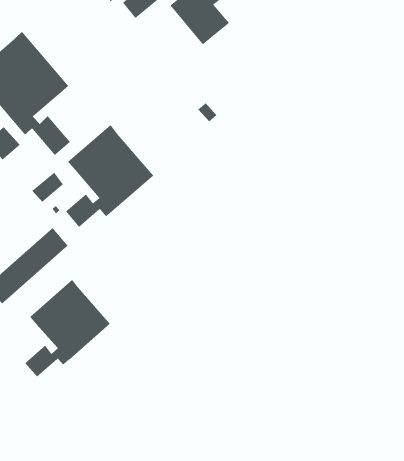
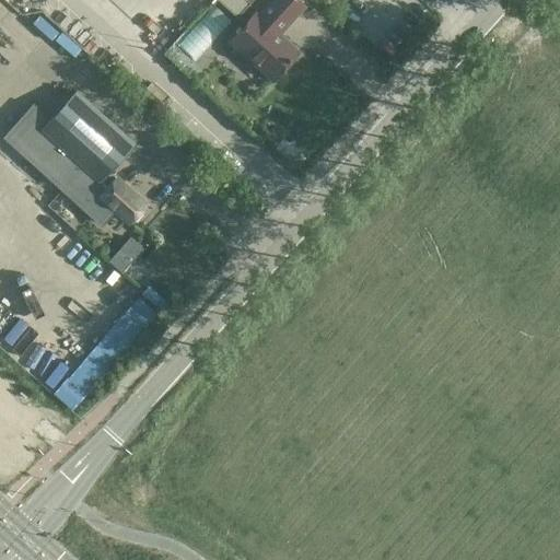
building: [65,124,154,228] -> none
building: [25,279,111,377] -> none

